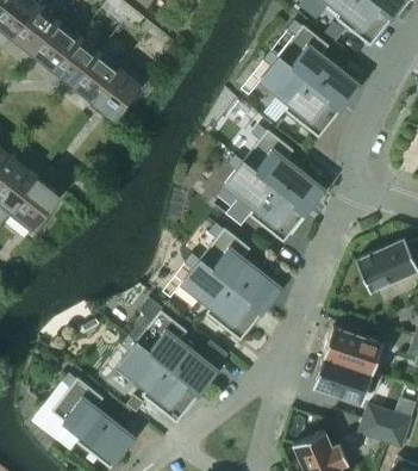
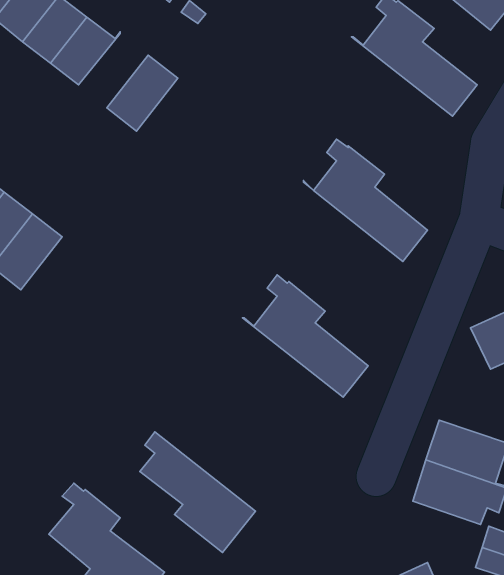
building: [73,49,123,103] -> none
building: [260,51,342,138] -> none
building: [224,156,306,242] -> none
building: [181,254,263,341] -> none
building: [127,305,218,393] -> none

